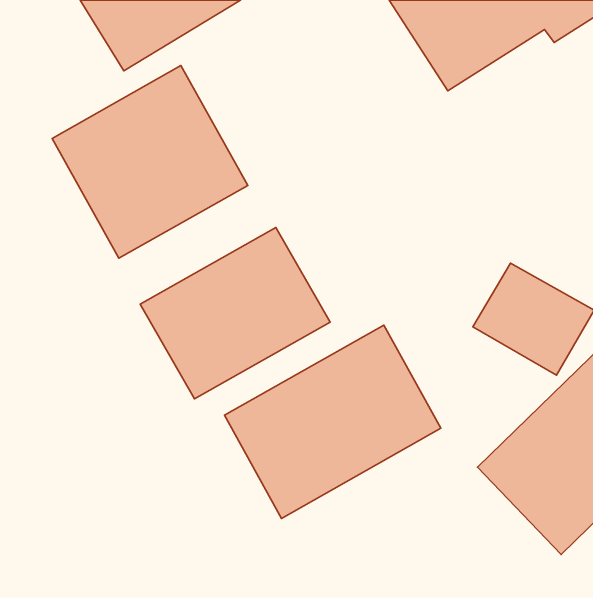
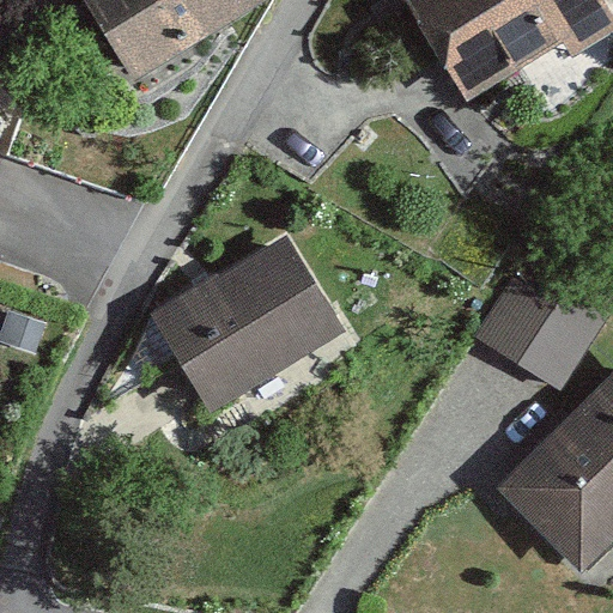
building: [52,66,248,258] -> none
building: [224,325,441,518] -> none

